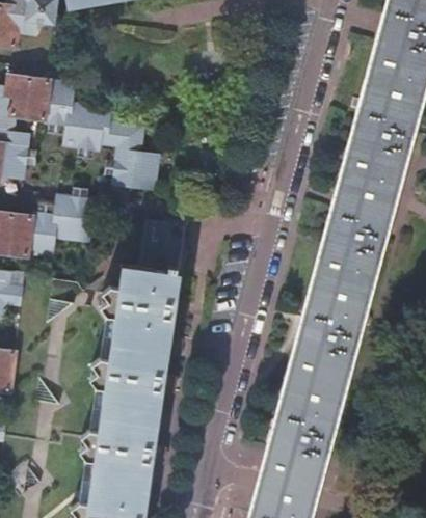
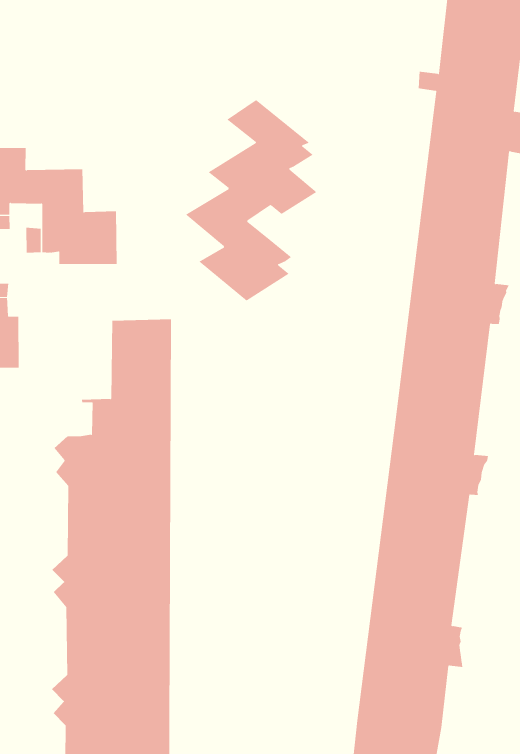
building: none -> [185,99,318,302]

